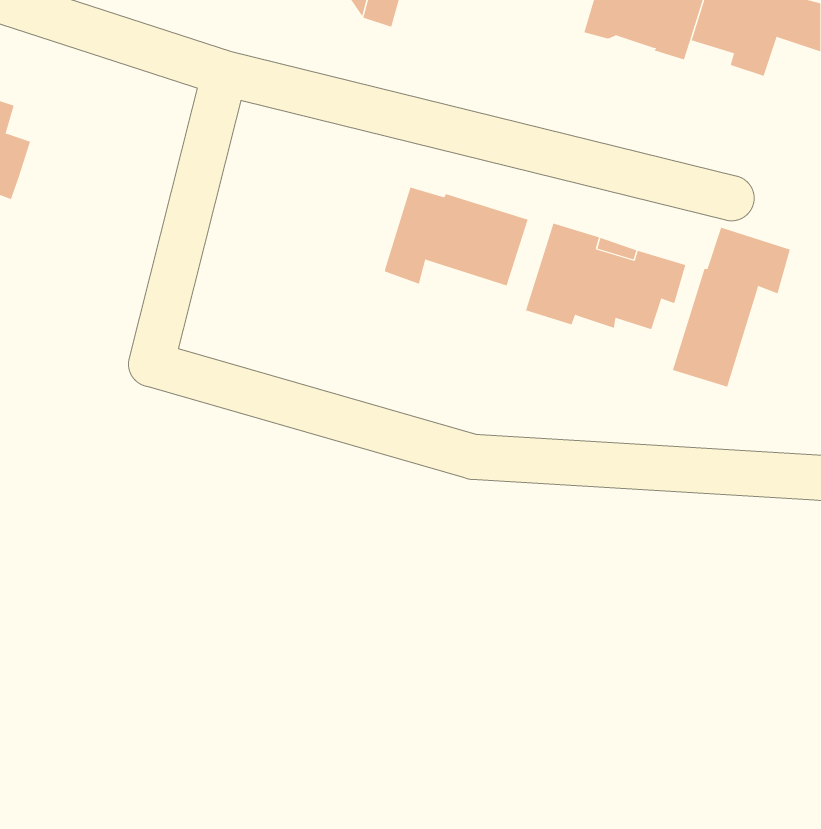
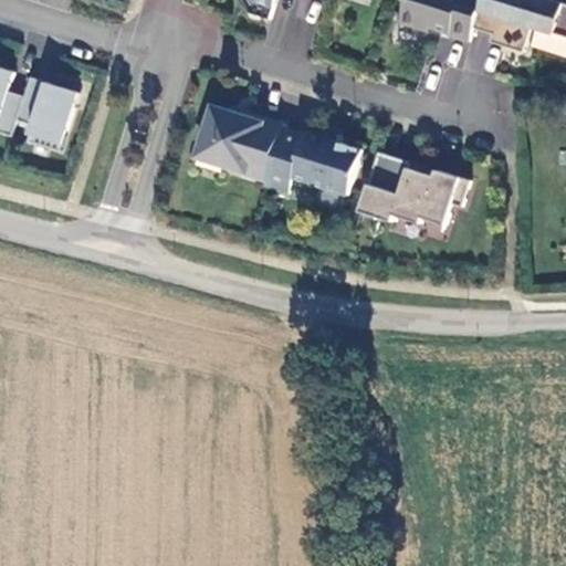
building: none -> [13,76,75,151]
building: none -> [195,106,280,181]
building: [672,227,791,387] -> none

